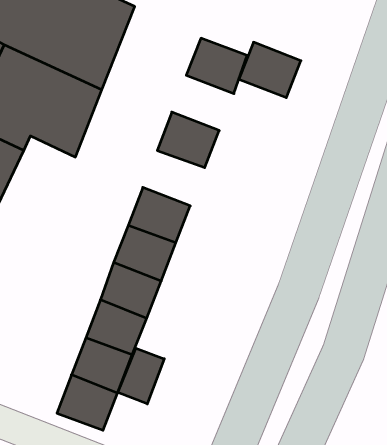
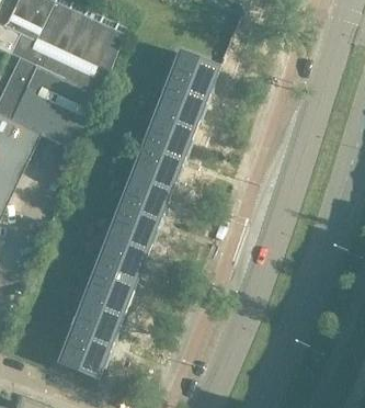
building: [239,42,301,98] -> [157,82,208,128]
building: none -> [133,145,184,191]
building: [118,348,164,404] -> none

